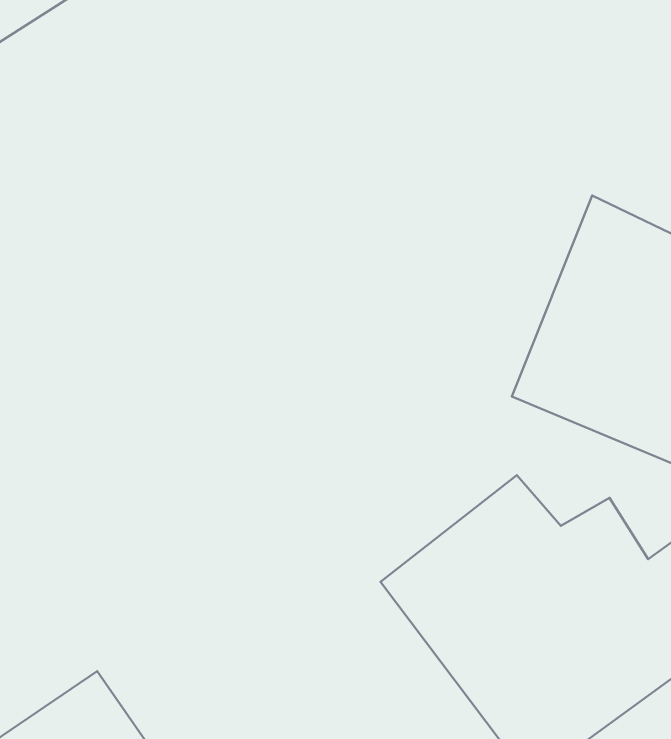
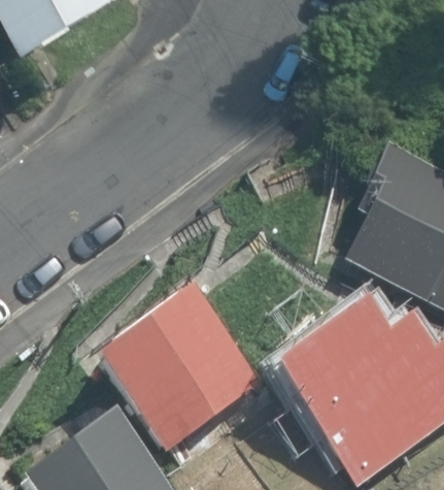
building: none -> [95,286,258,450]

